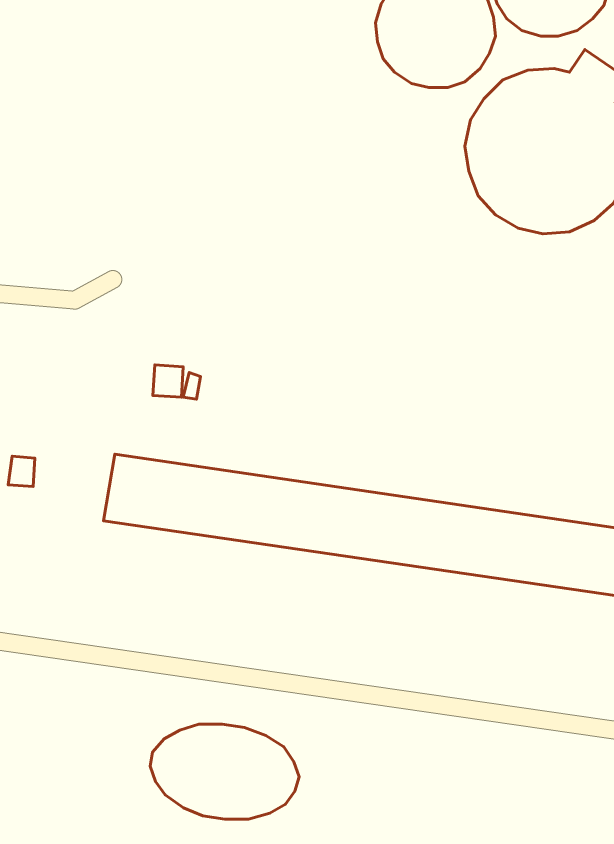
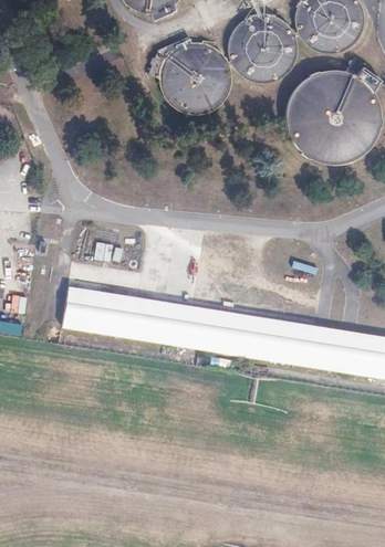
building: none -> [159,40,229,109]
building: [150,724,299,819] -> none

